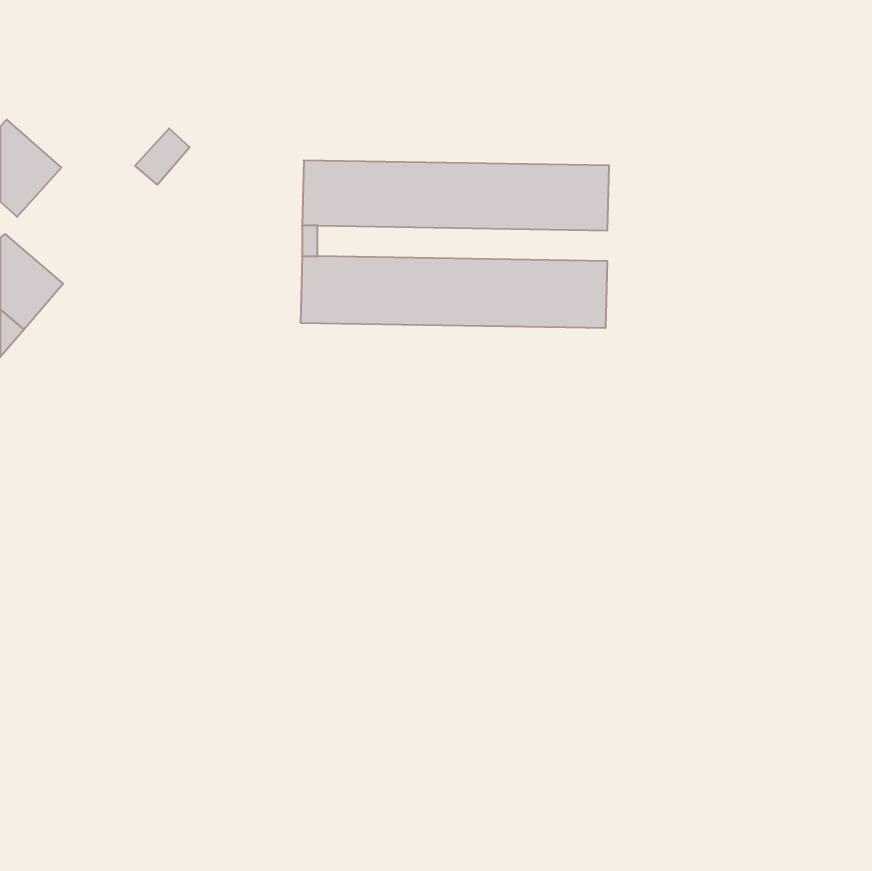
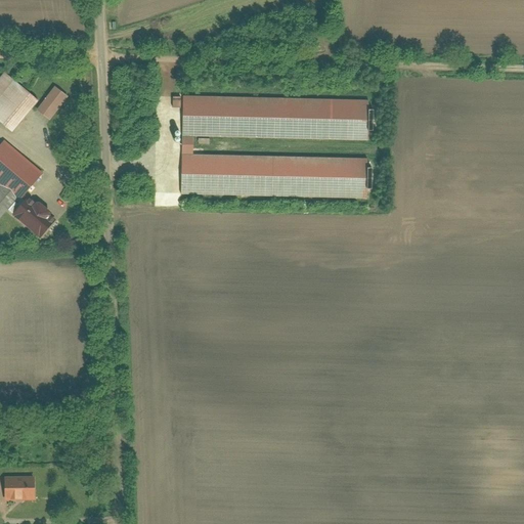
building: [135,128,190,185] -> [34,86,67,120]
building: none -> [11,195,55,238]
building: none -> [4,475,36,501]

